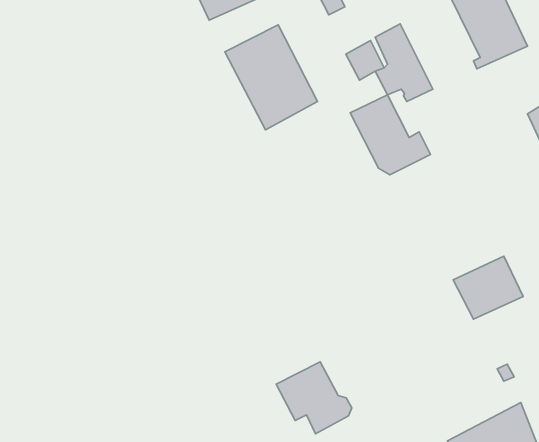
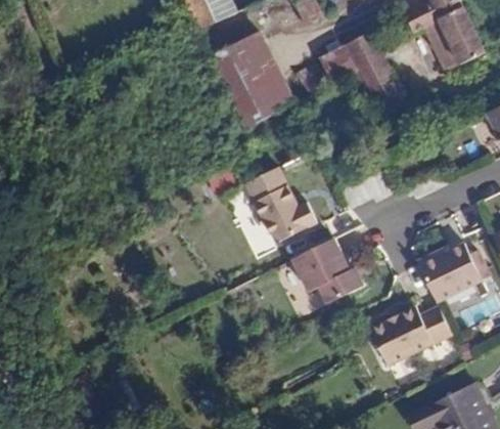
building: [350,95,431,175] -> [243,167,316,240]
building: none -> [368,306,451,364]
building: [276,362,352,434] -> [292,238,361,303]

